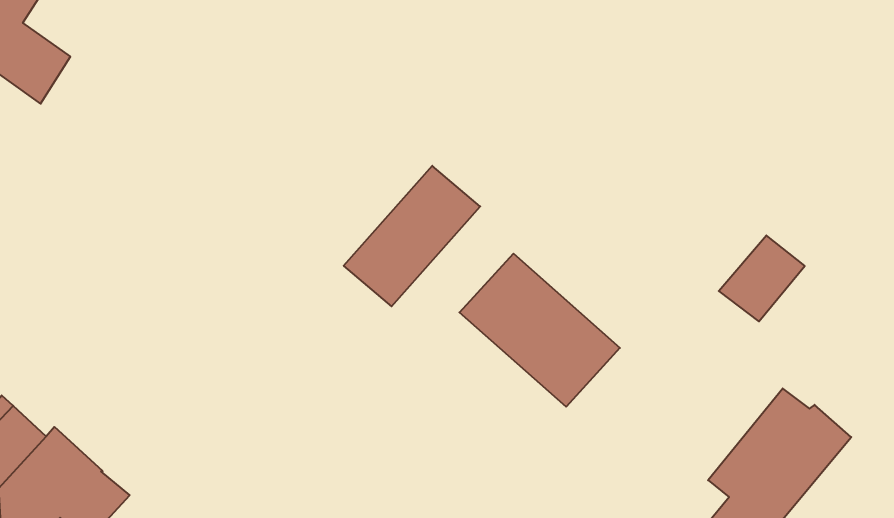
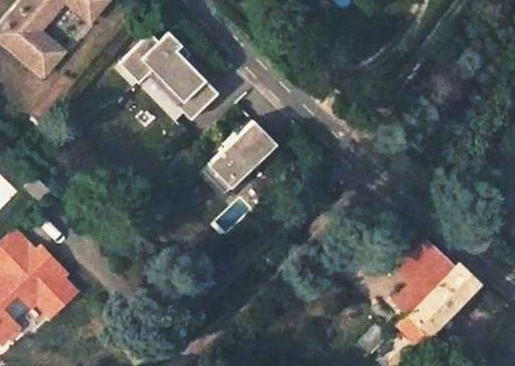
building: none -> [125,30,223,120]
building: [719,235,805,321] -> [391,238,440,286]
building: [459,254,620,407] -> none

